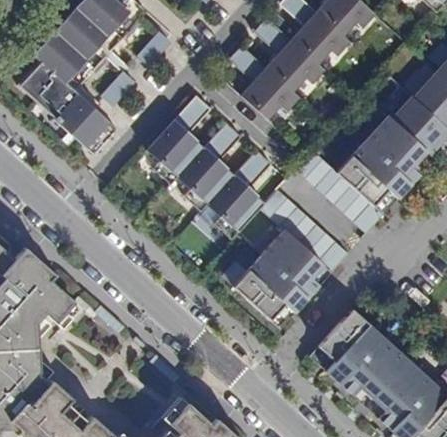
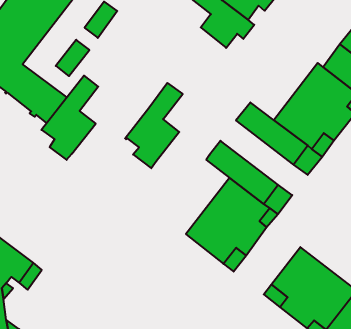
building: [228,44,298,118] -> none
building: [146,95,210,183] -> [41,76,98,160]
building: [207,150,271,239] -> none

